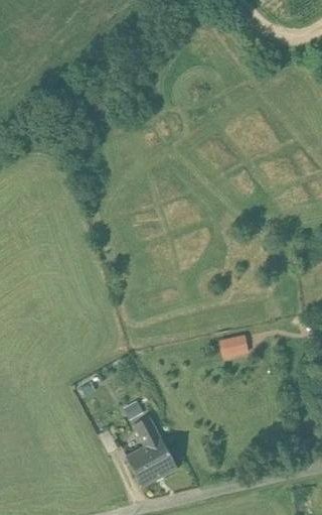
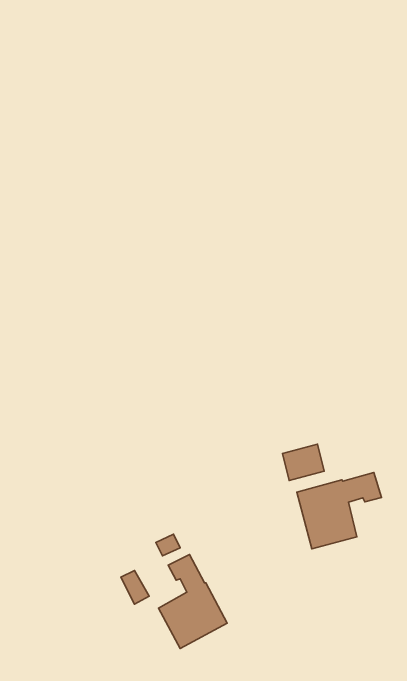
building: none -> [297,472,381,549]

